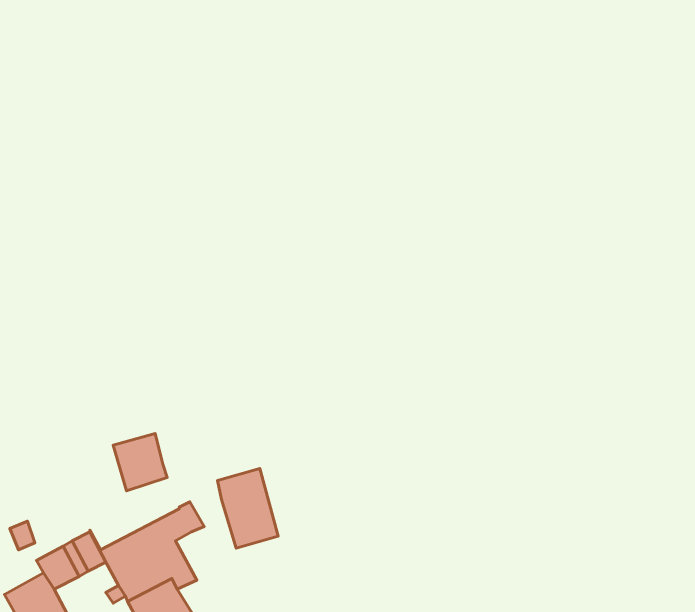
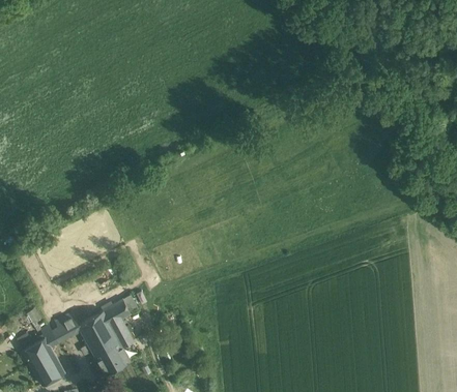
building: [113,433,167,491] -> none
building: [218,468,278,548] -> none

